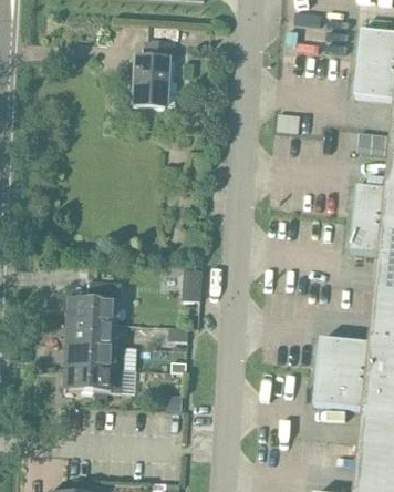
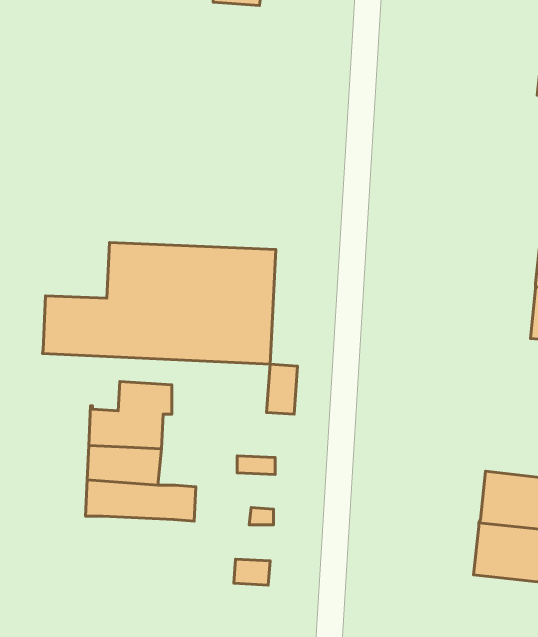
building: [131,41,174,106] -> none
building: none -> [43,243,276,364]
building: [62,366,120,392] -> none

